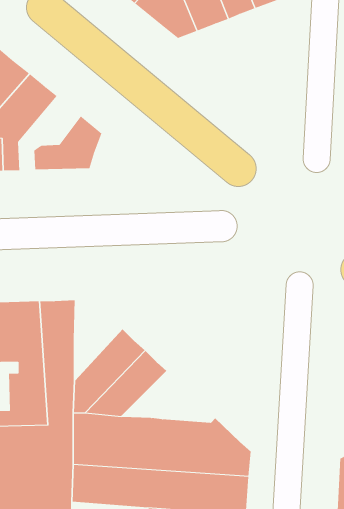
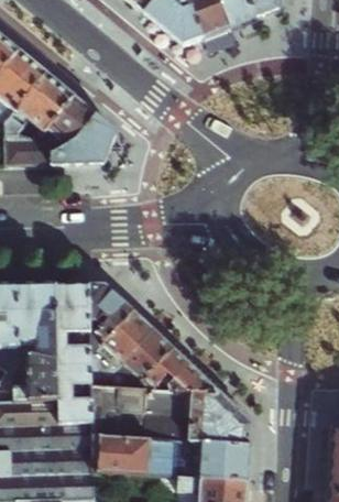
building: none -> [40,97,96,165]
building: none -> [90,283,134,357]
building: none -> [133,348,219,395]

